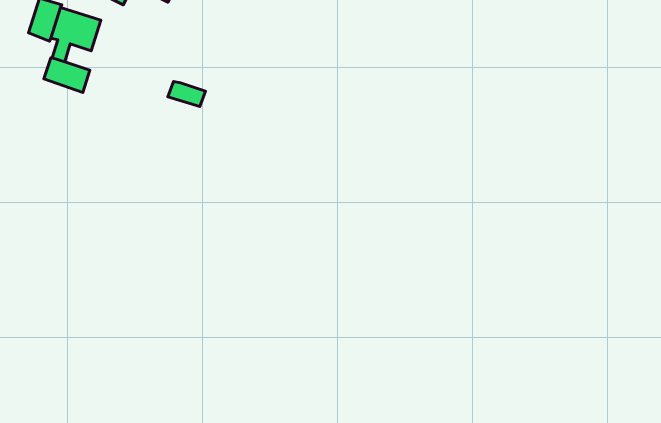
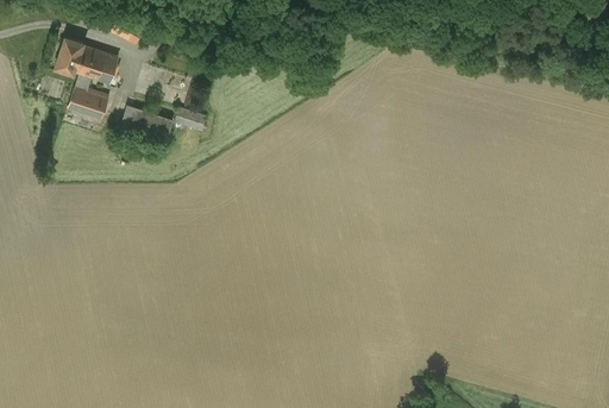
building: none -> [120,107,172,142]

